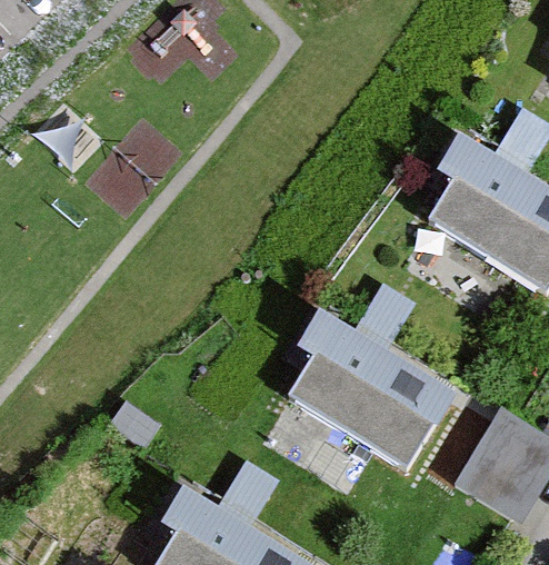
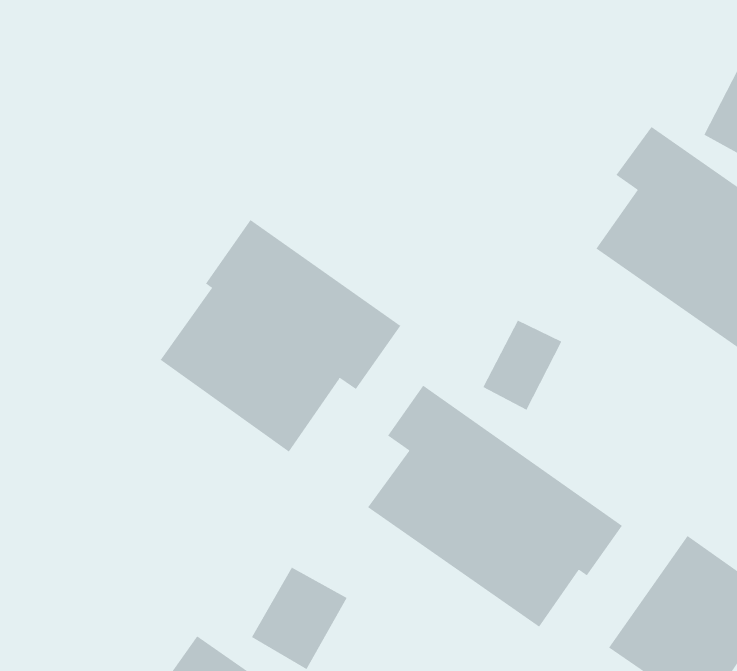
building: none -> [160,219,401,452]

